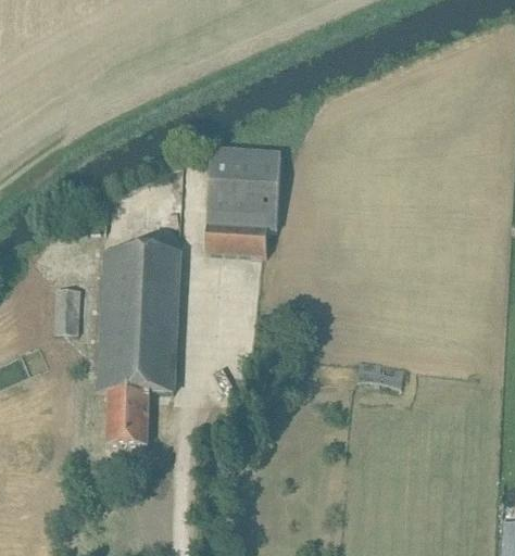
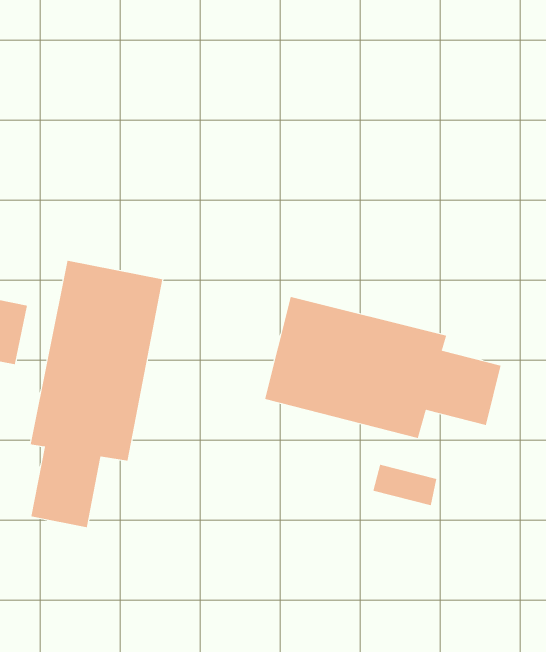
building: [205,149,280,253] -> none
building: none -> [264,296,501,439]

